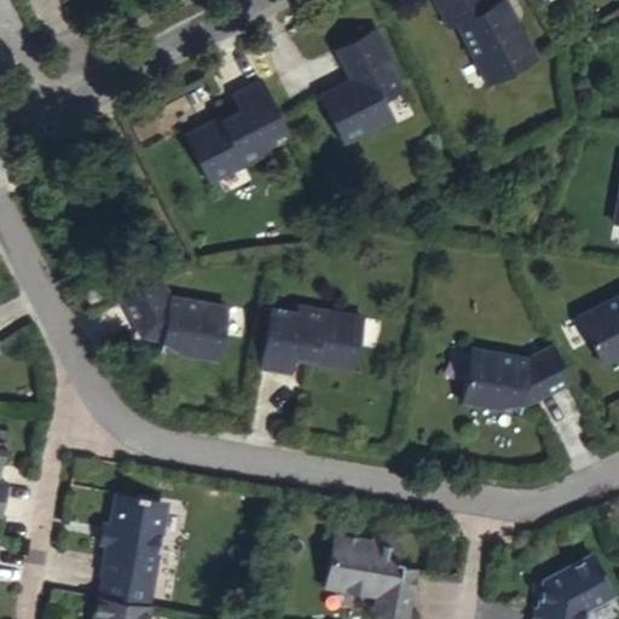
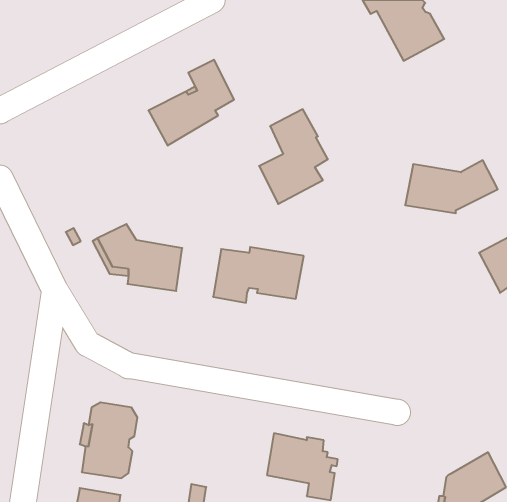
building: [322,25,405,140] -> [259,109,328,204]
building: [464,343,577,407] -> [405,160,498,213]

